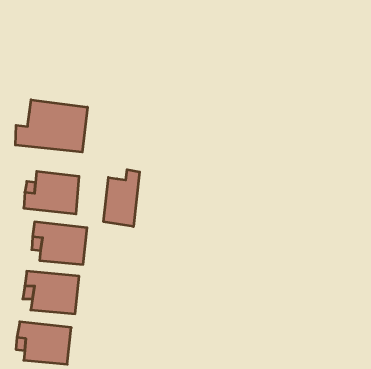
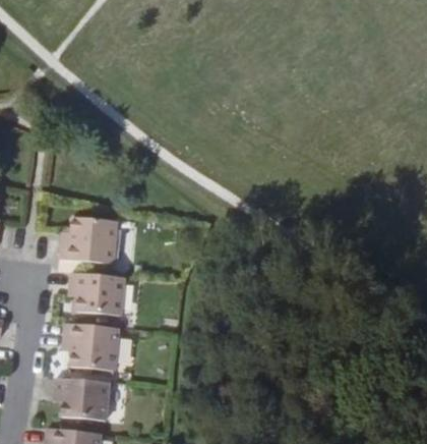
building: [15,100,87,152] -> none
building: [104,170,140,227] -> none

